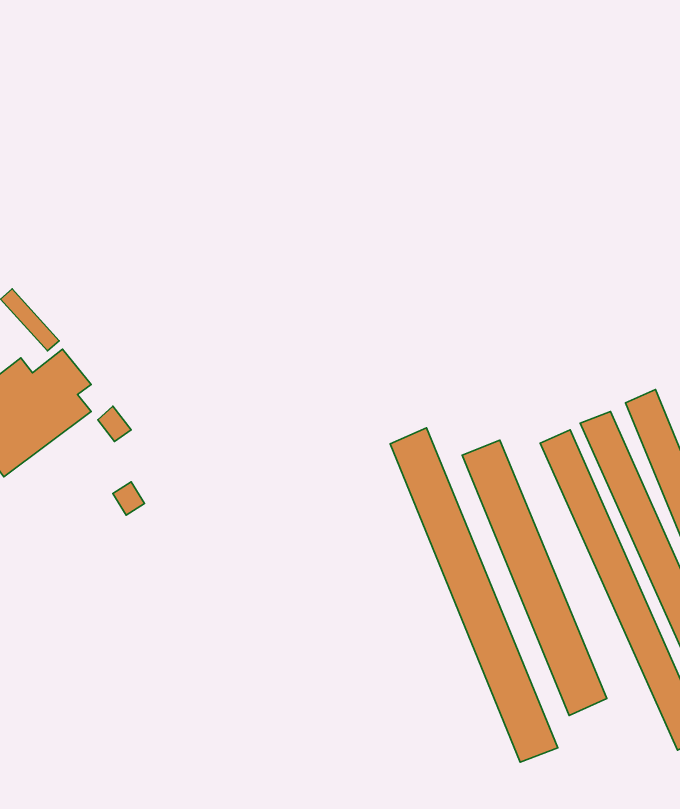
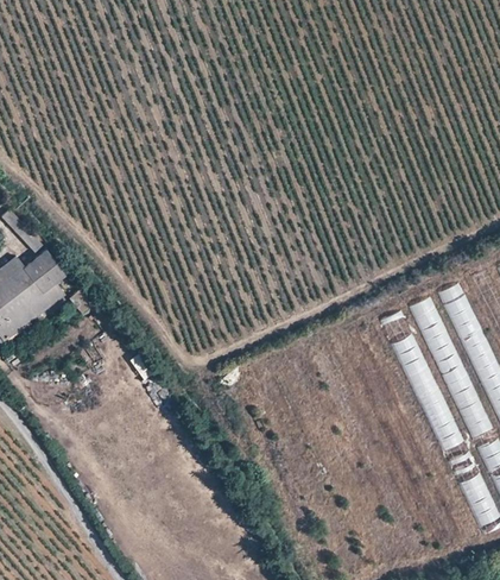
building: [390,428,558,762] -> none
building: [462,440,607,716] -> none

